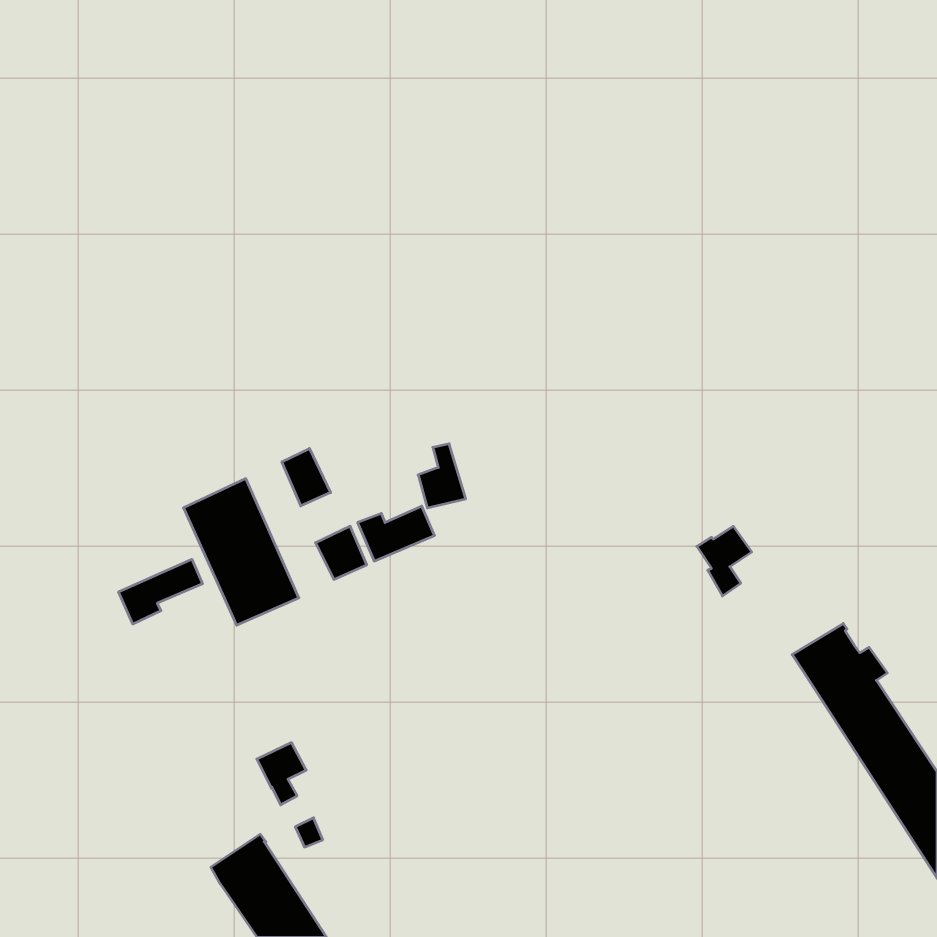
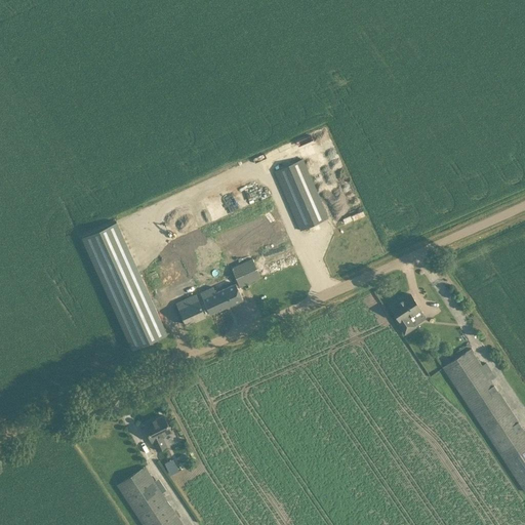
building: none -> [275,159,328,230]
building: [282,448,331,506] -> none
building: [119,559,202,624] -> none

